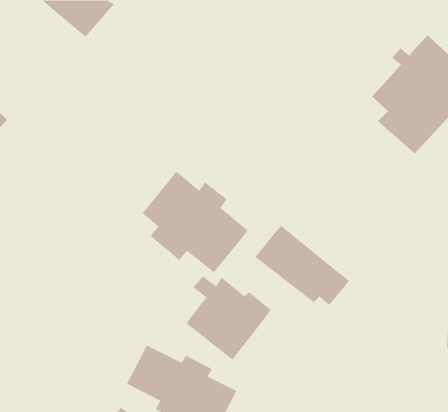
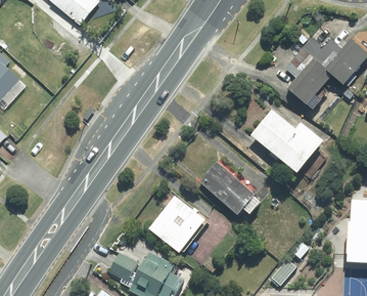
building: none -> [253,111,326,179]
building: [142,171,248,273] -> none

